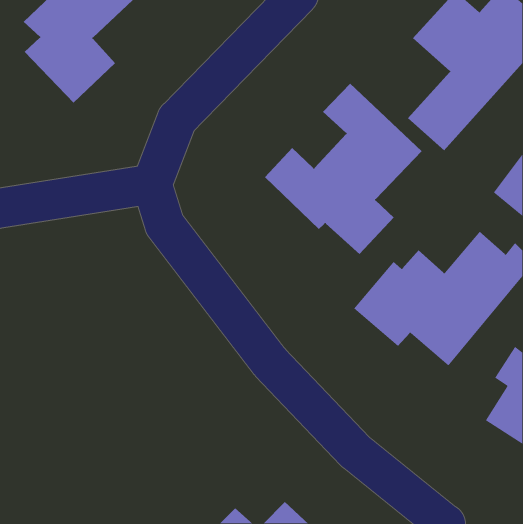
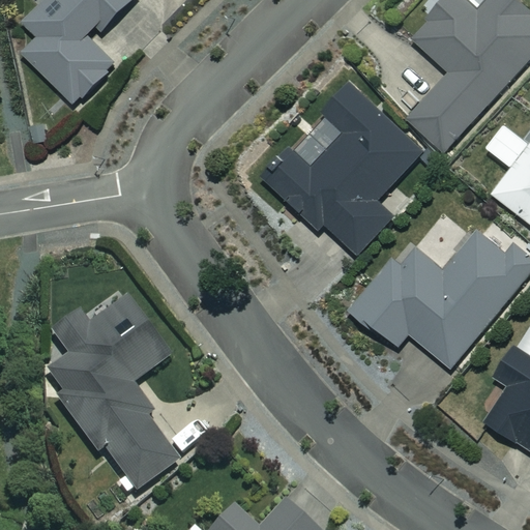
building: none -> [47,295,176,489]

